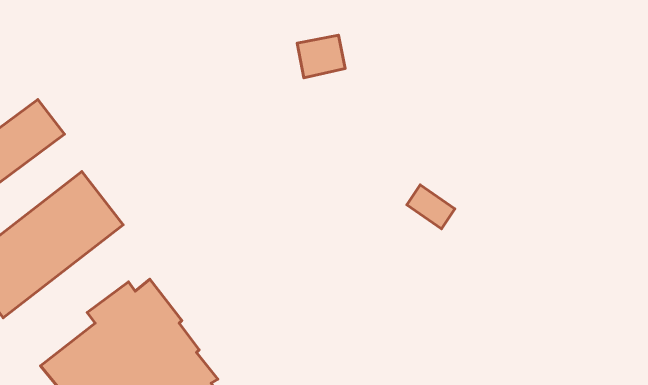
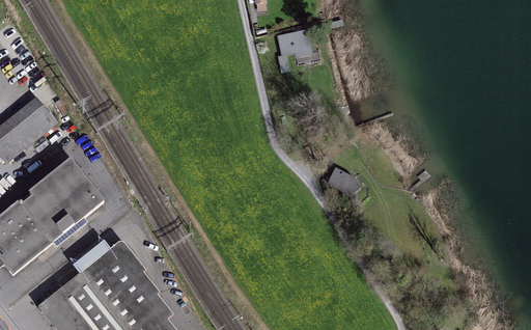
building: [297,35,345,78] -> [276,30,313,63]

